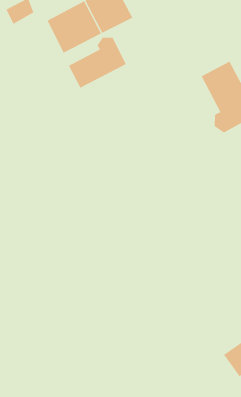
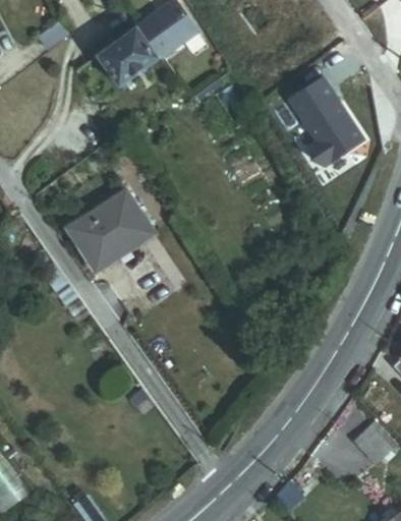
building: [68,37,127,89] -> none
building: none -> [68,187,154,268]

